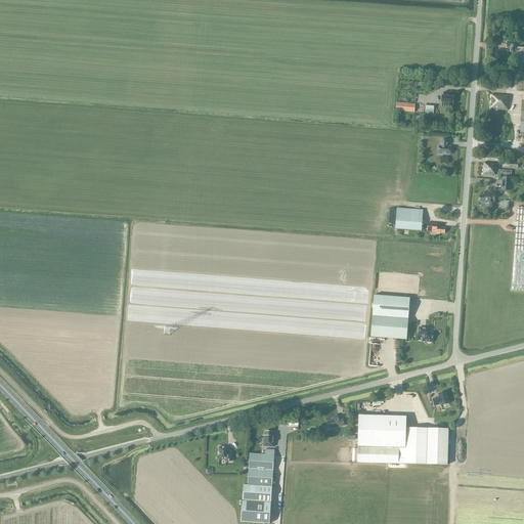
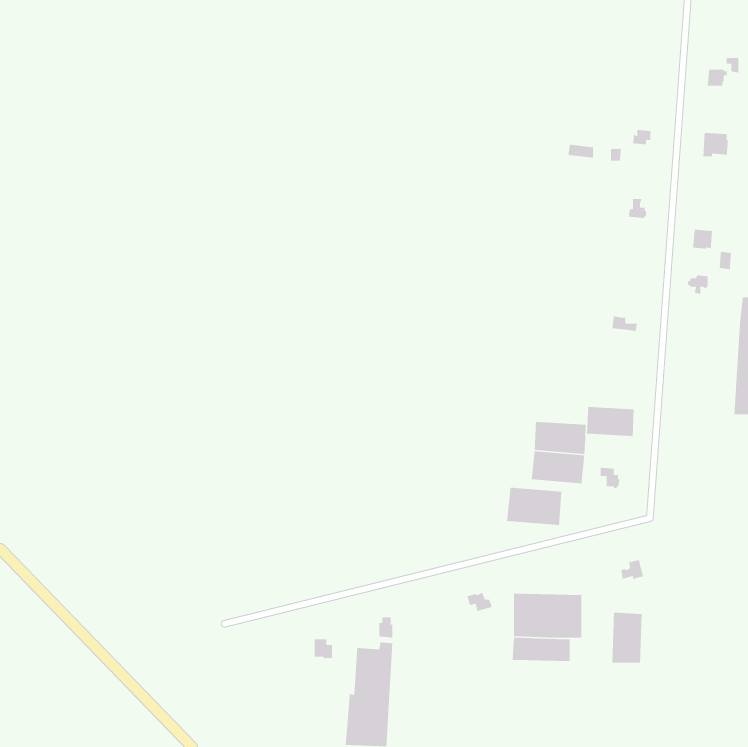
building: [396,207,424,229] -> none
building: none -> [586,406,635,437]
building: none -> [506,487,562,526]
building: [399,427,429,463] -> none

